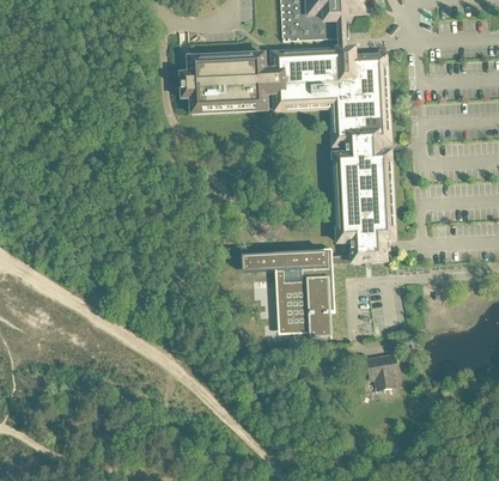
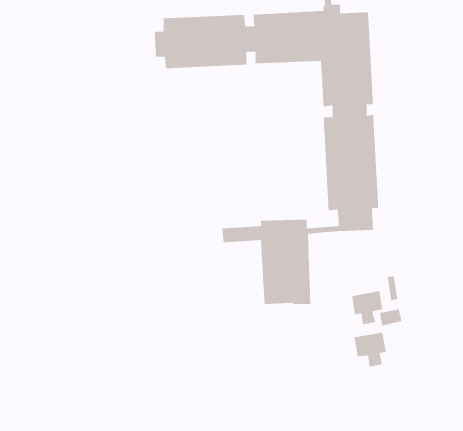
building: none -> [351,290,383,325]

